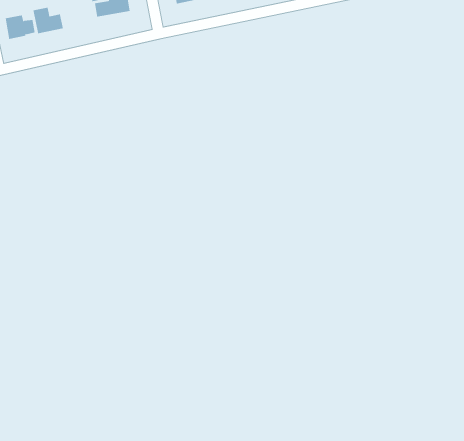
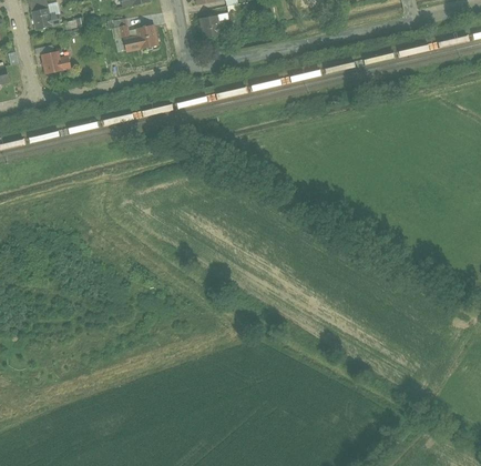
building: [33,7,63,34] -> none

